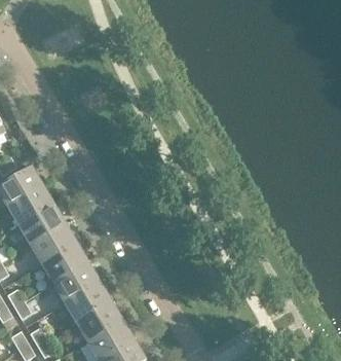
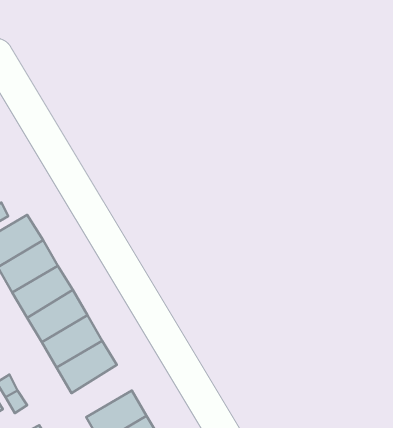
building: [64,281,110,321] -> none

